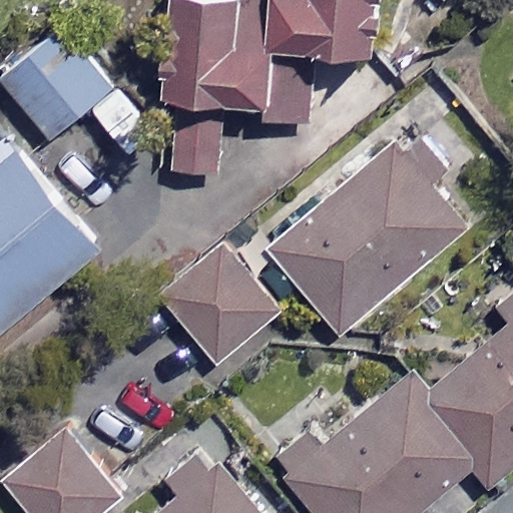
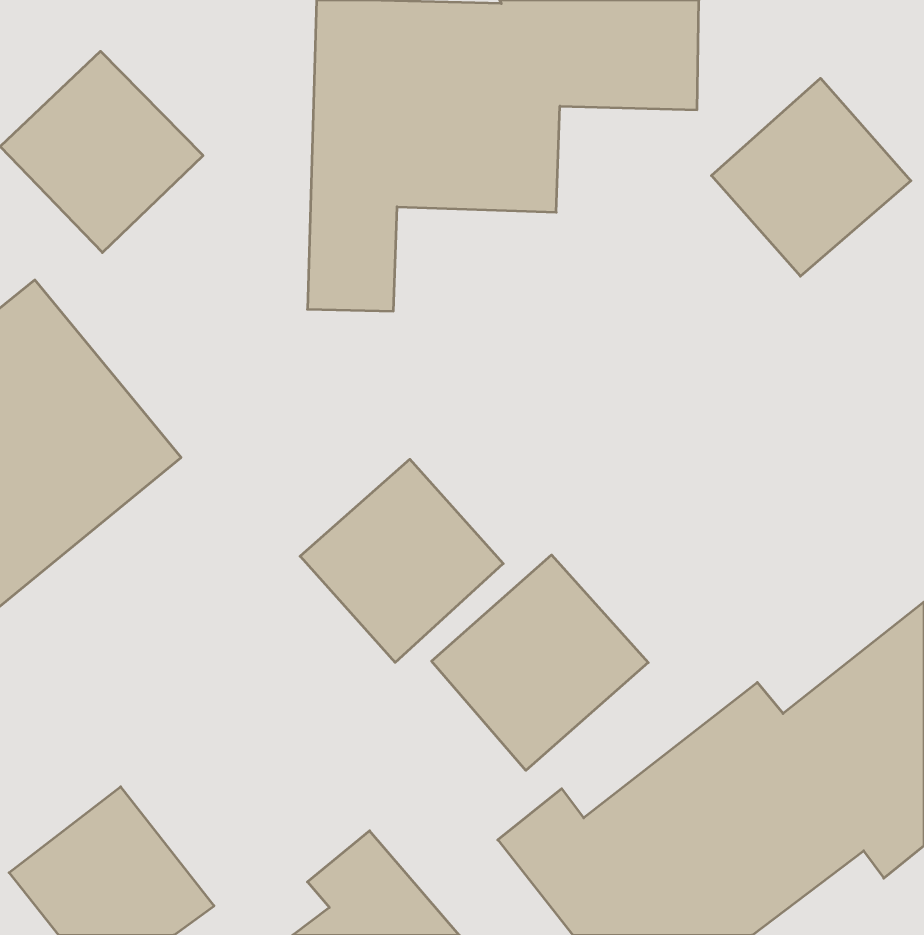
building: none -> [711,78,911,276]
building: [272,147,460,331] -> none
building: none -> [432,555,648,770]

